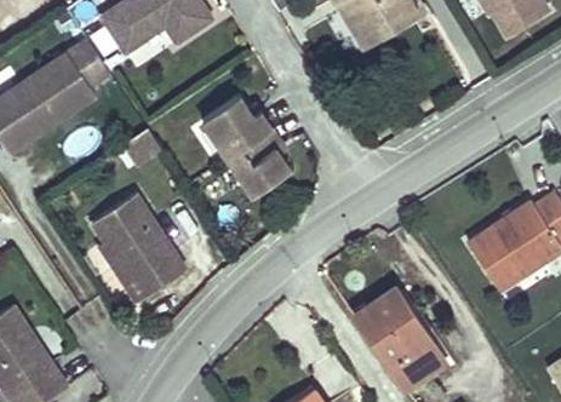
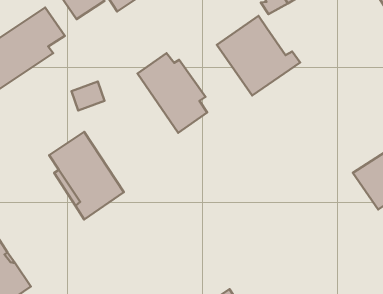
building: none -> [217,16,300,95]
building: [359,289,434,378] -> none

